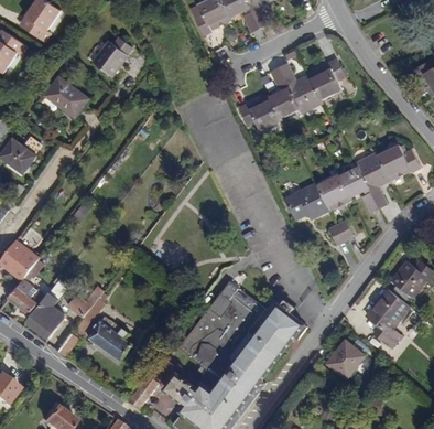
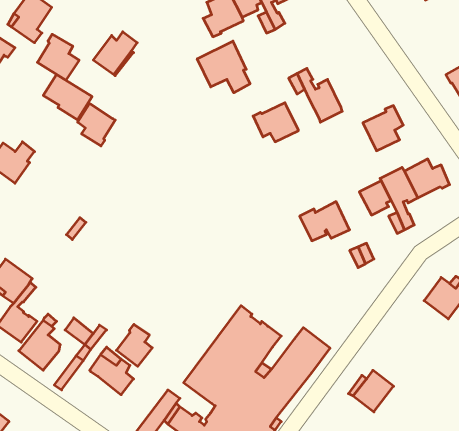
building: none -> [37,34,79,80]
building: none -> [197,41,250,93]
building: [306,60,343,100] -> [363,106,403,151]
building: [269,92,299,120] -> none
building: none -> [78,104,115,146]
building: [314,175,347,211] -> none
building: [369,282,413,342] -> none
building: none -> [116,324,152,366]

